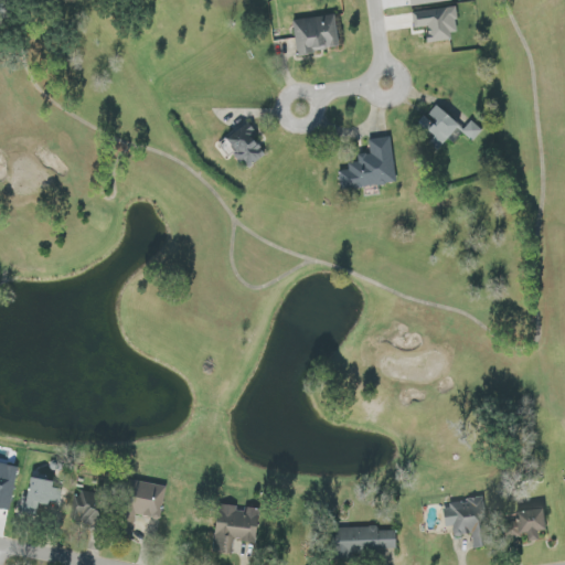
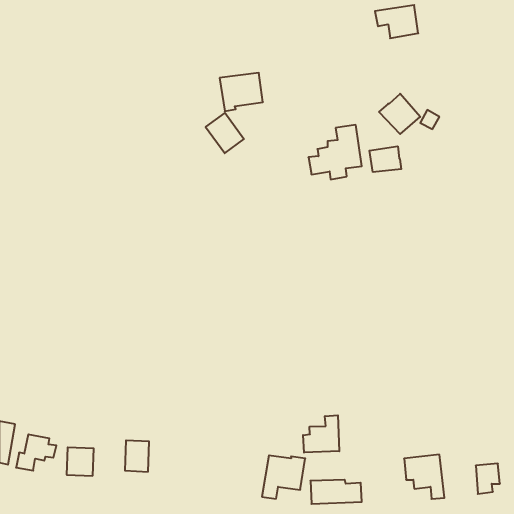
building: [291,14,339,56] -> [220,73,263,111]
building: none -> [369,146,401,172]
building: none -> [303,415,339,453]
building: [212,504,259,552] -> [262,455,305,499]

